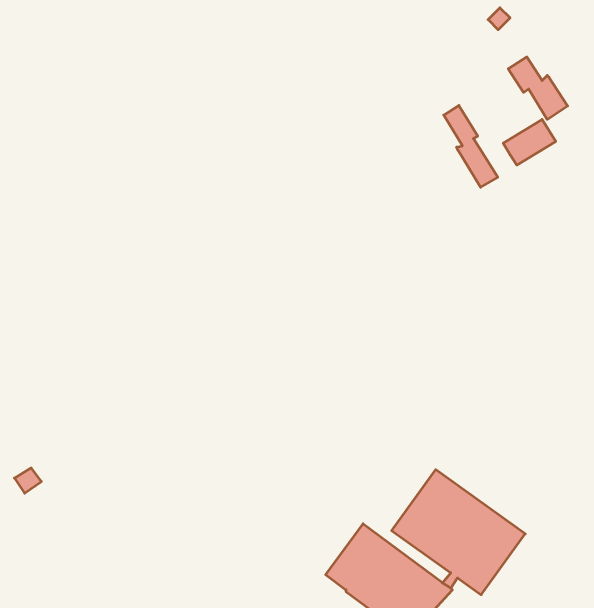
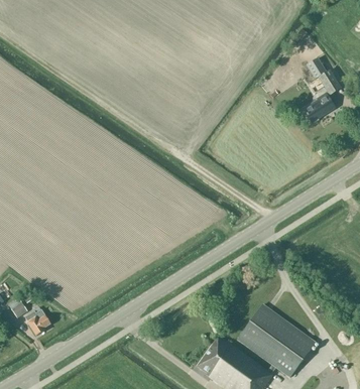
building: [444,105,498,187] -> none
building: none -> [25,305,50,335]

